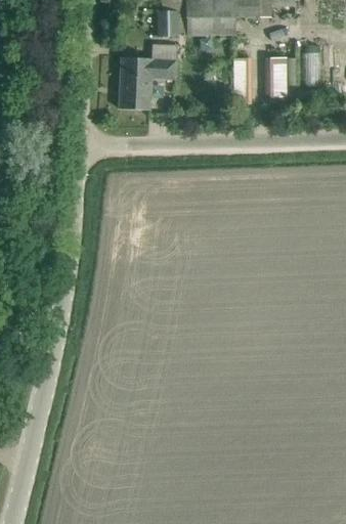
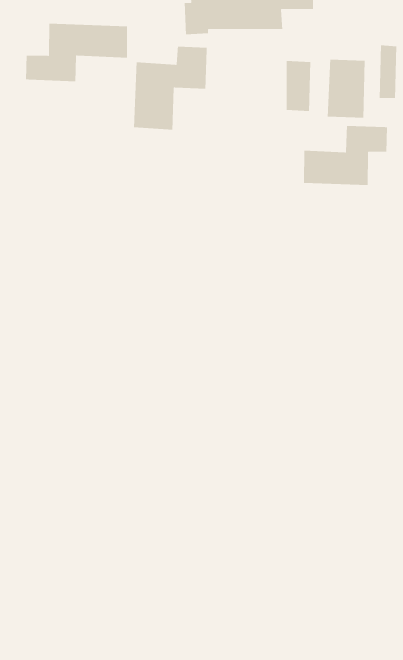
building: none -> [25,23,128,82]
building: none -> [303,125,388,186]

